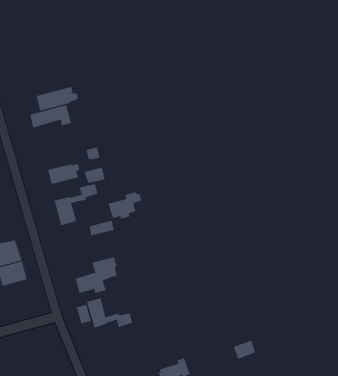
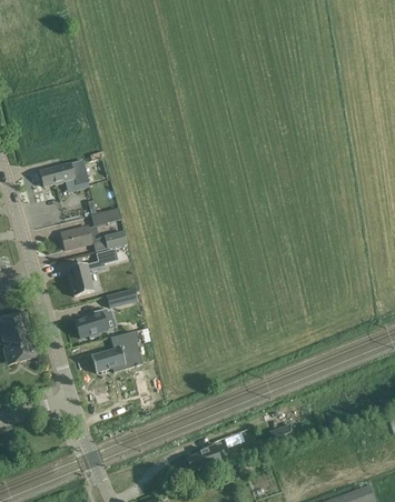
building: [36,86,79,112] -> none
building: [108,192,142,219] -> [75,307,113,338]
building: [86,298,133,329] -> none

